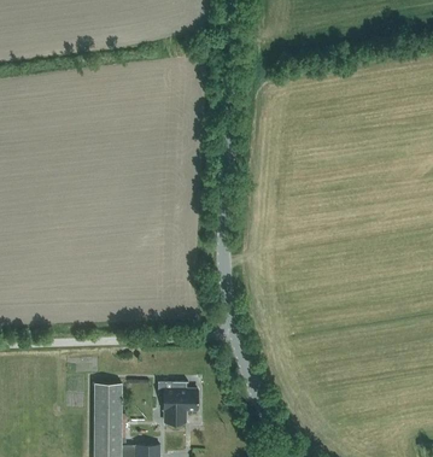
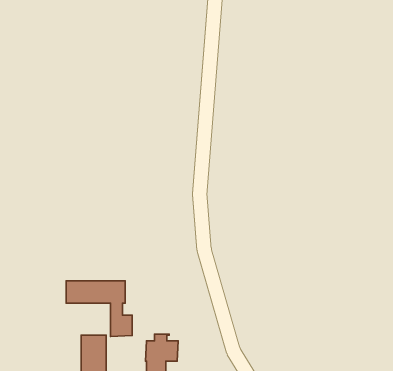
building: none -> [66,281,132,336]

